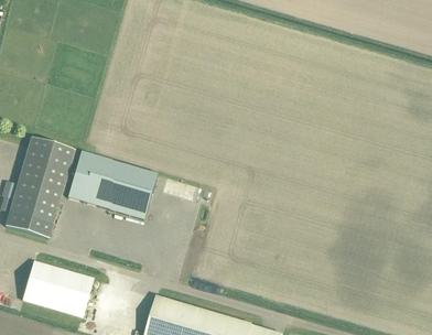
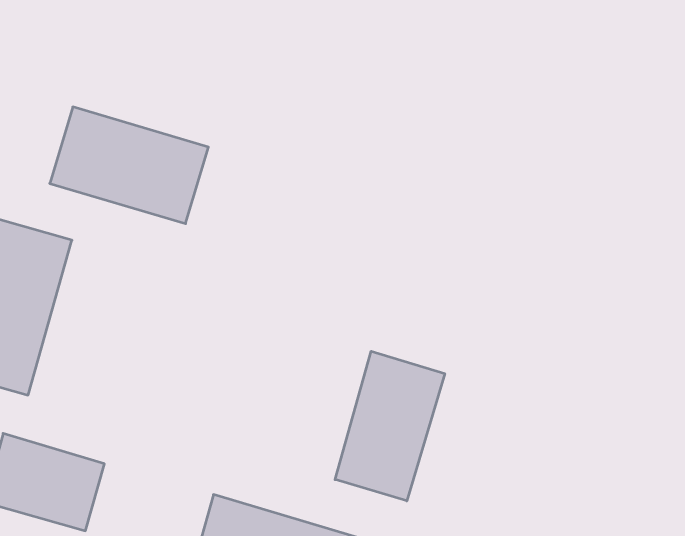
building: [67,151,159,218] -> [50,107,208,224]
building: none -> [335,351,445,501]

